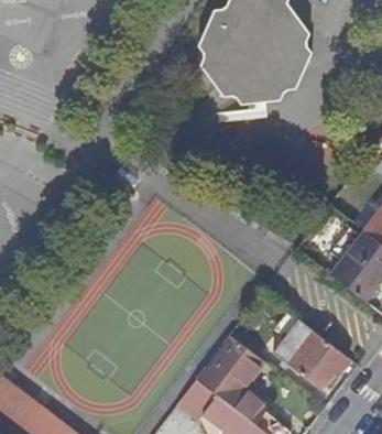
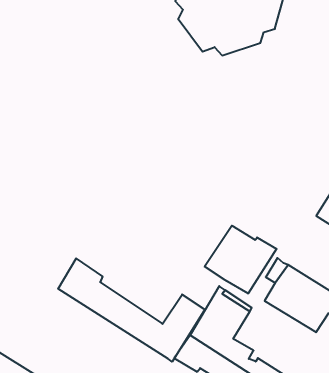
building: none -> [205,226,277,294]
building: none -> [58,258,205,362]

